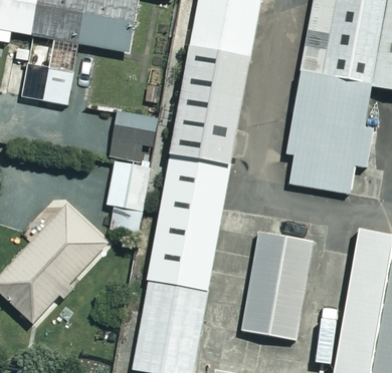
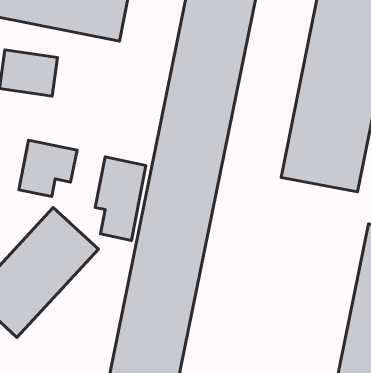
building: [114,110,167,161] -> [19,140,77,196]
building: [238,229,311,337] -> none

